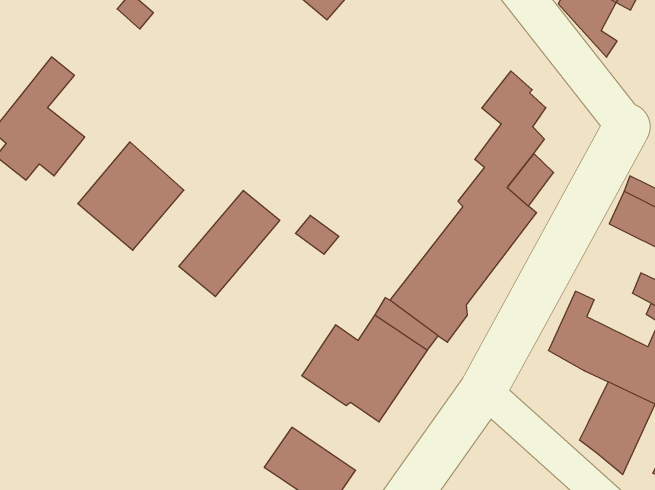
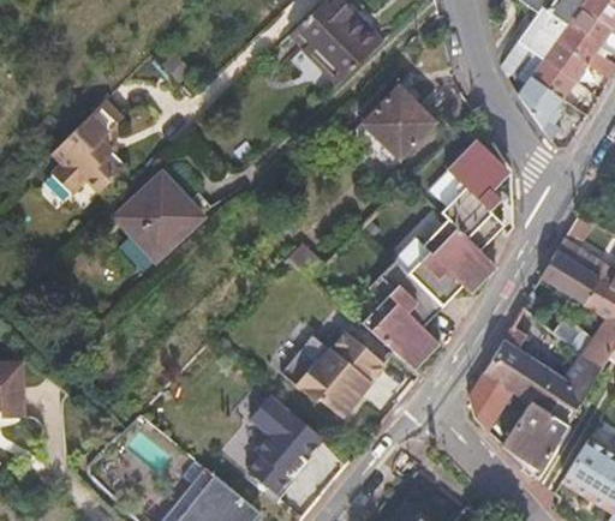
building: none -> [354,85,437,168]
building: [179,190,280,297] -> none
building: none -> [468,372,512,431]

